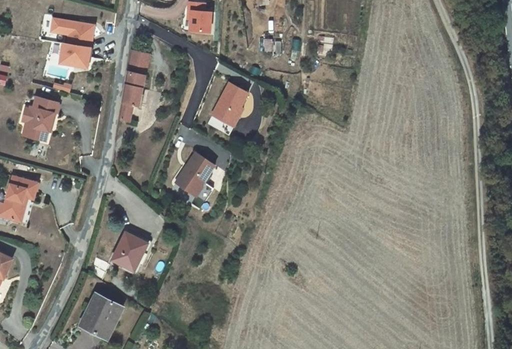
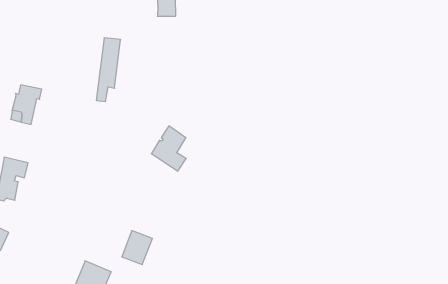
building: [50,17,94,67] -> none
building: [207,83,249,136] -> none
building: [111,234,146,272] -> [122,231,152,265]

